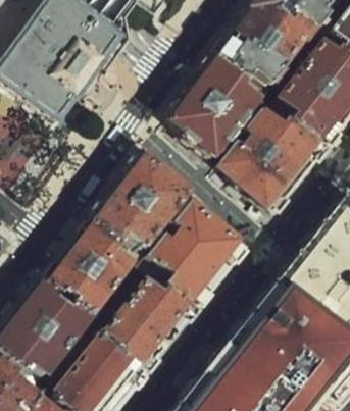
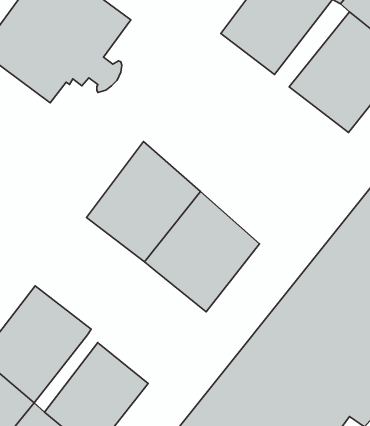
building: [163,56,259,155] -> none
building: [216,99,326,209] -> none
building: [45,221,143,321] -> none
building: [102,269,198,370] -> none

